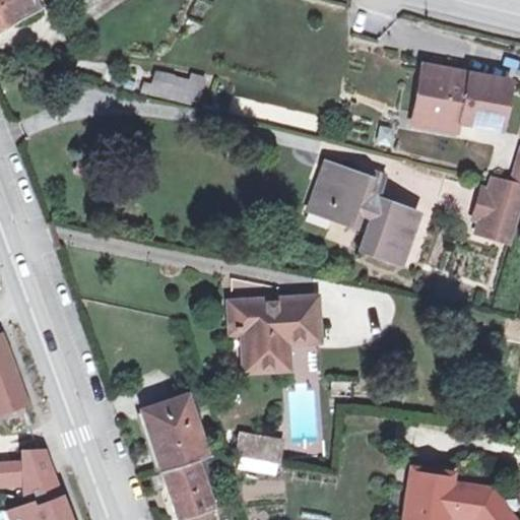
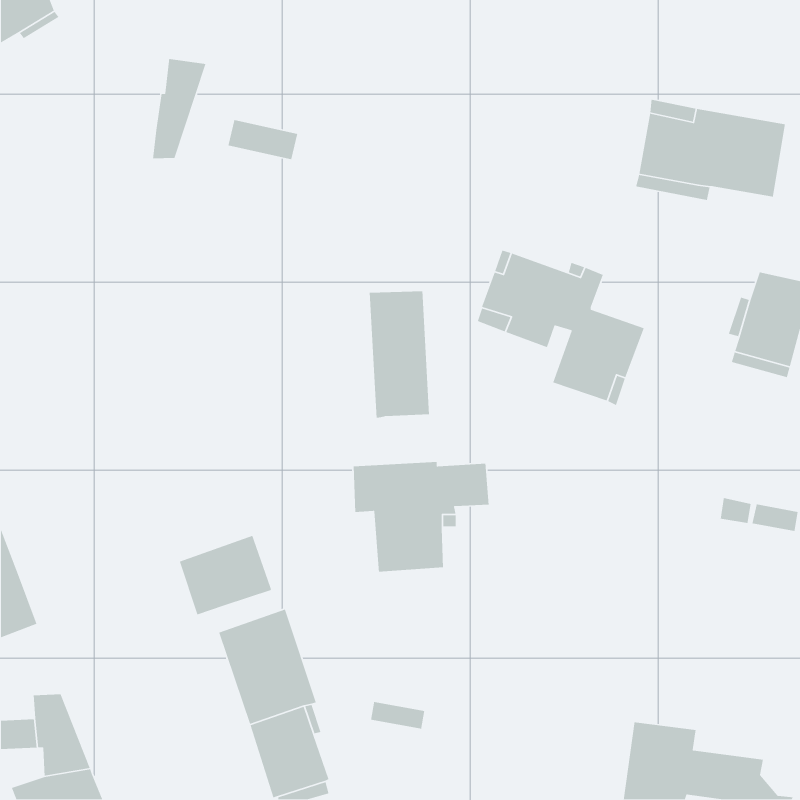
building: none -> [152,58,207,159]
building: none -> [369,290,430,419]
building: none -> [179,535,272,615]
building: [238,434,282,460] -> none

